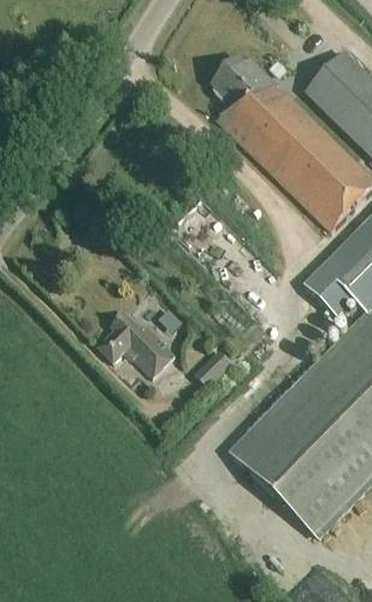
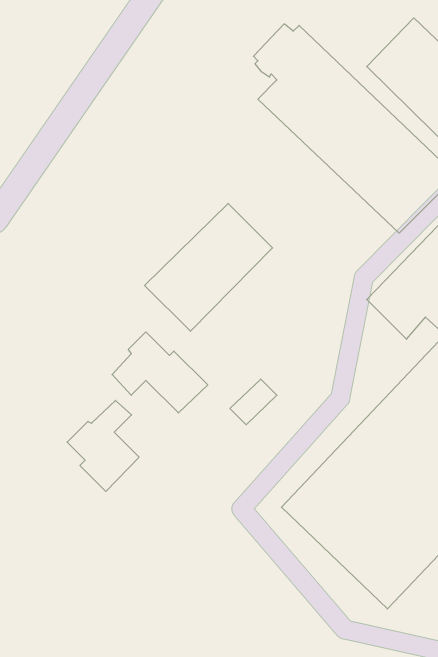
building: none -> [145,203,273,331]
building: none -> [67,400,139,491]

